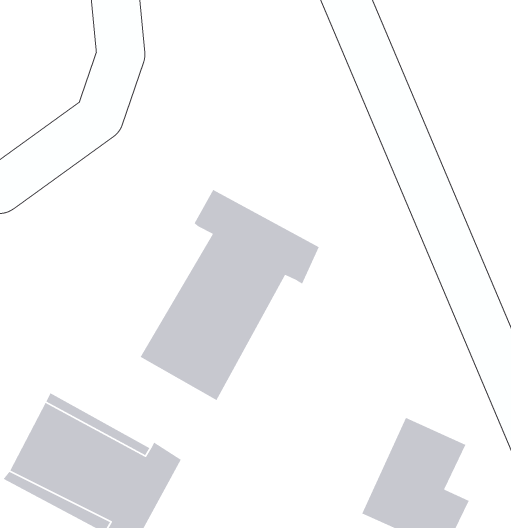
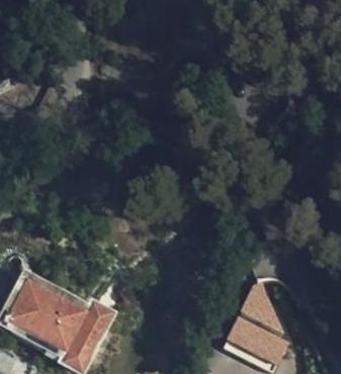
building: [140,189,320,401] -> none

